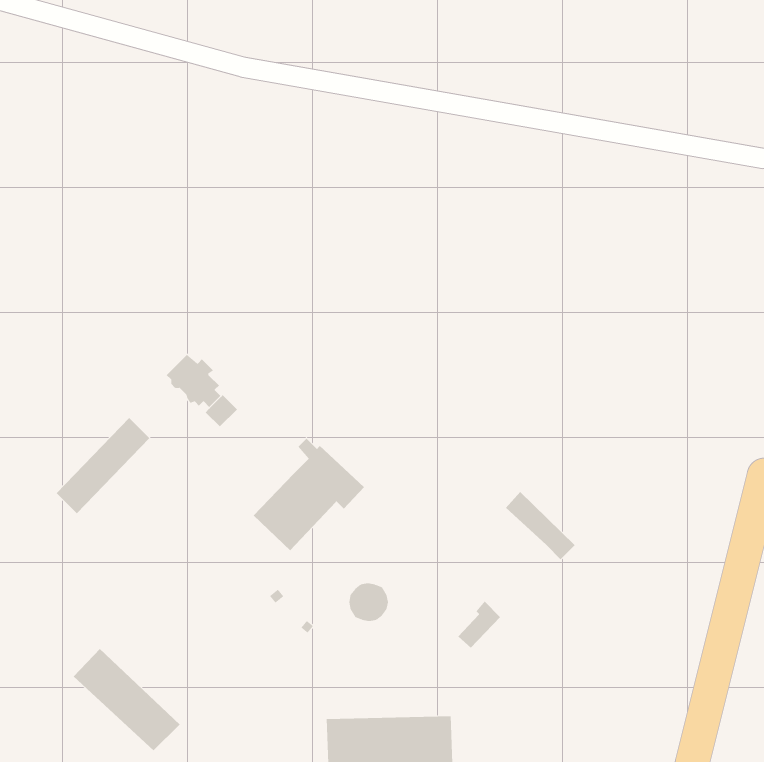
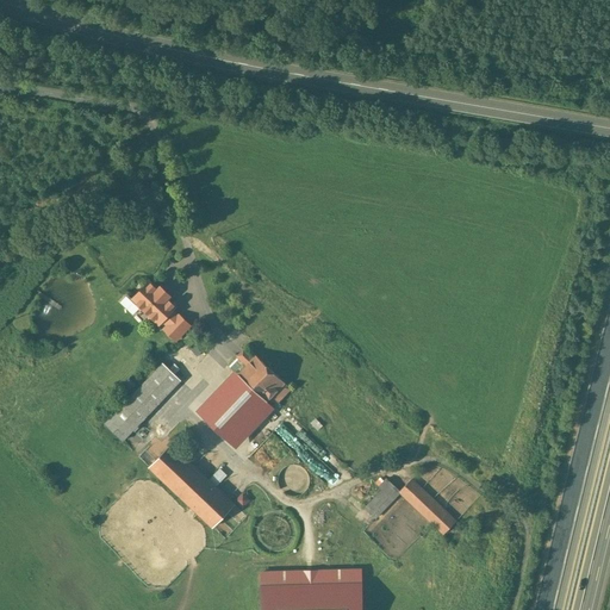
building: [56,417,150,514] -> [105,365,180,442]
building: [505,491,576,560] -> [399,480,455,535]
building: [73,648,180,751] -> [149,446,235,528]

